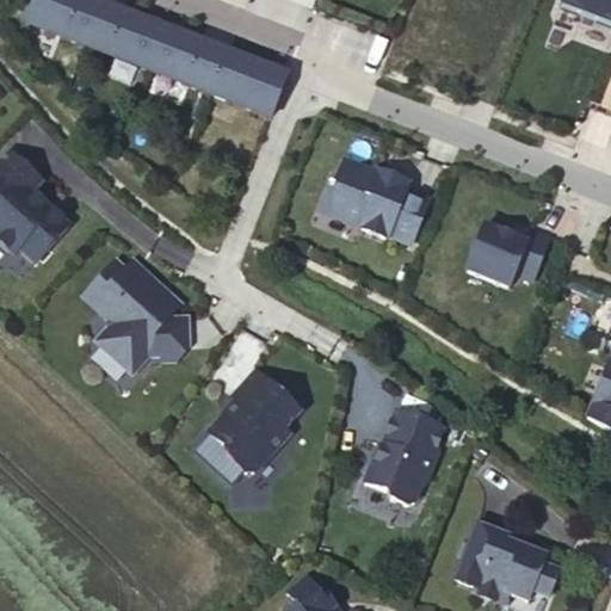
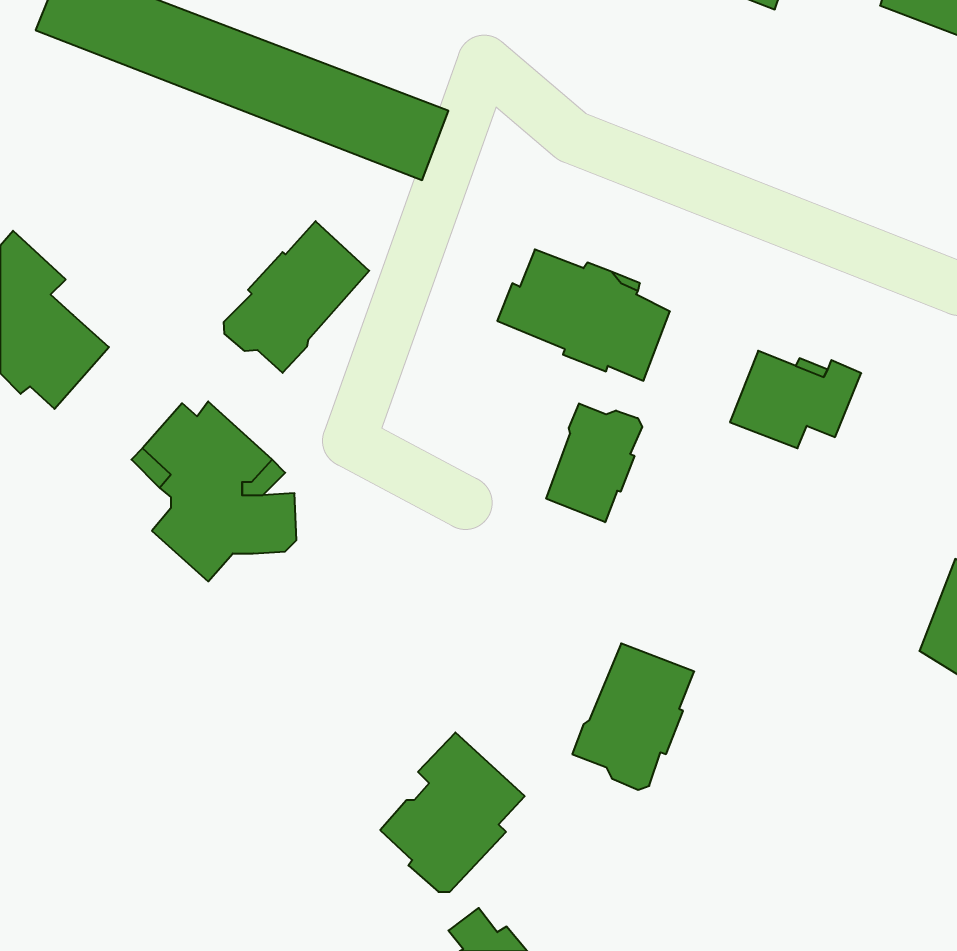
building: none -> [224,221,369,373]
building: none -> [546,403,642,522]
building: [209,369,301,470] -> [380,732,525,892]
building: [453,519,557,600] -> none

